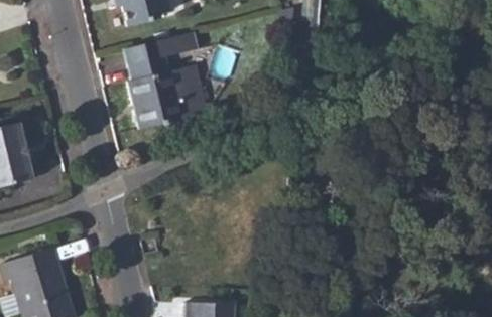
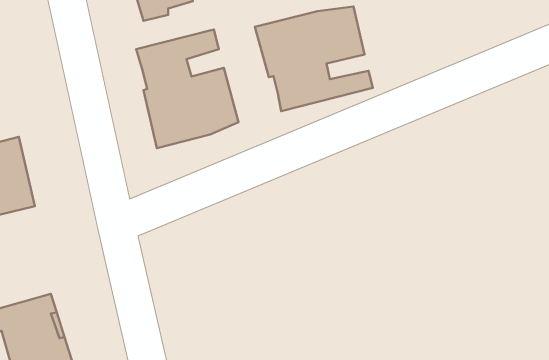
building: none -> [255,6,373,111]

